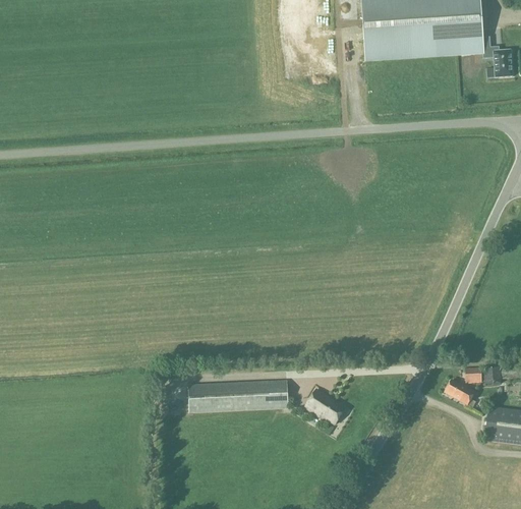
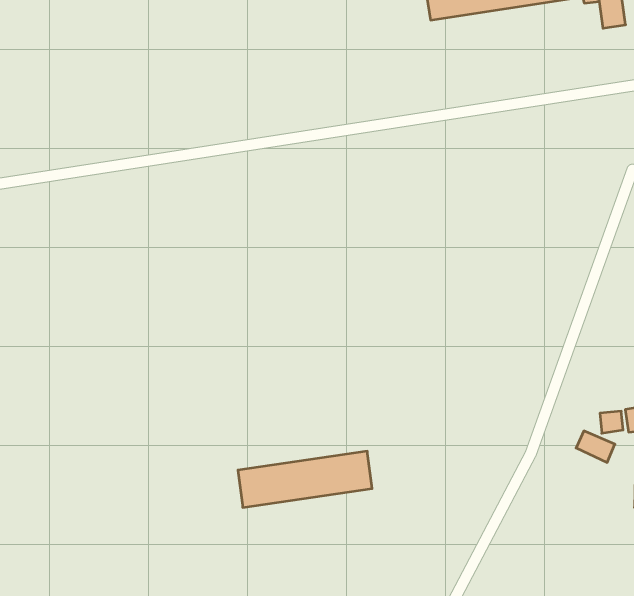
building: [304,389,344,423] -> none

